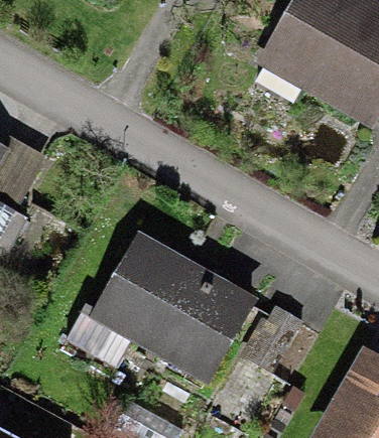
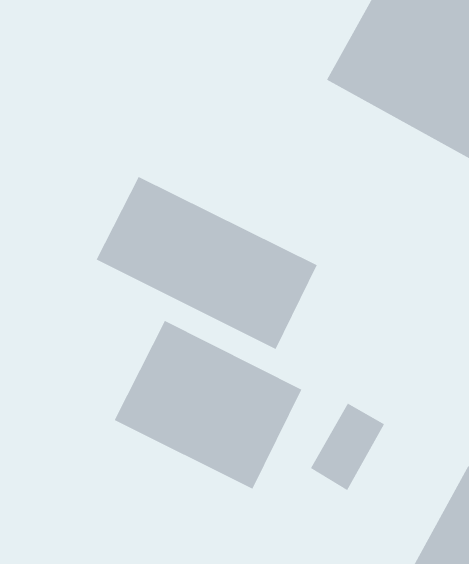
building: none -> [96,176,317,350]

